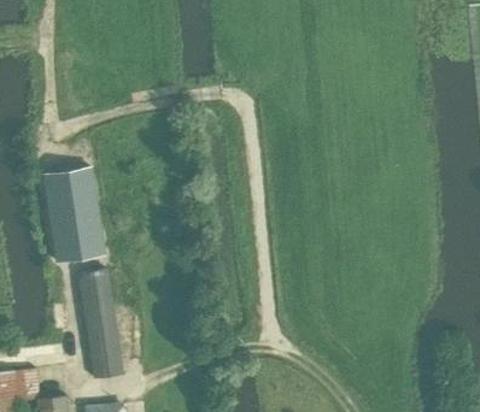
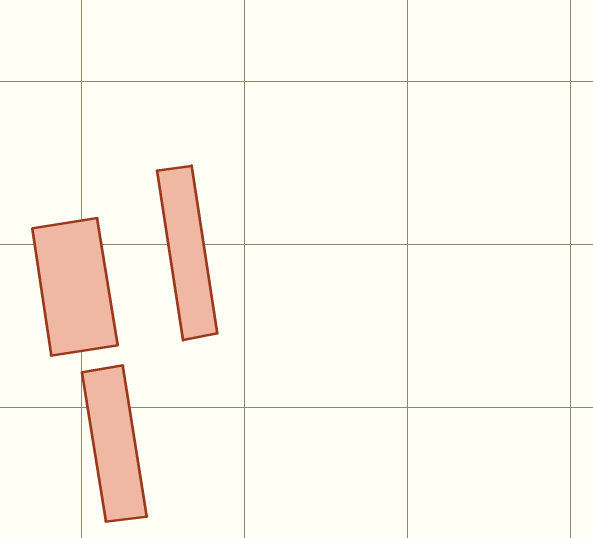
building: none -> [157,166,217,340]

